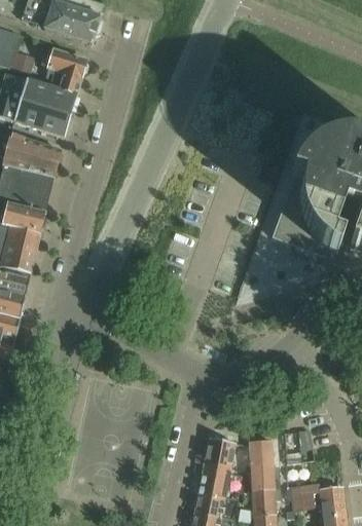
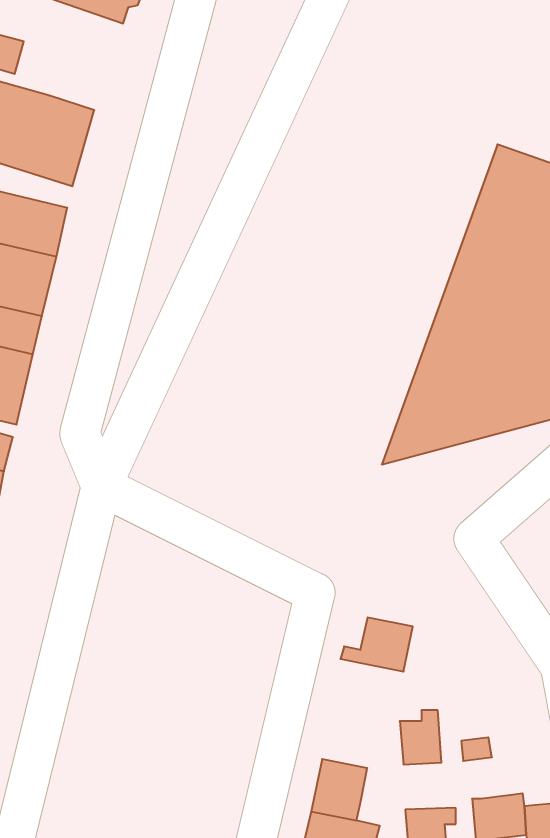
building: [41,47,87,93] -> none
building: [194,437,236,467] -> [340,617,413,672]
building: [251,464,281,491] -> none

